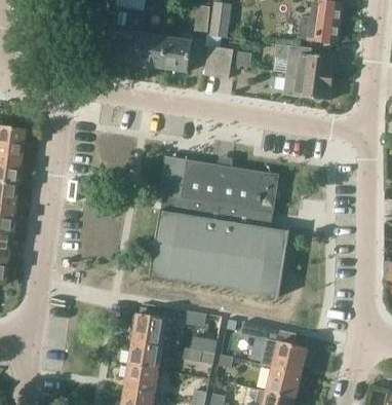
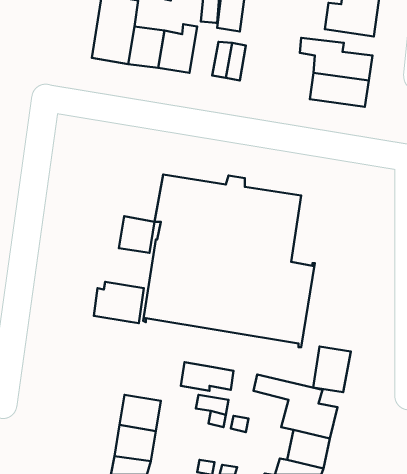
building: none -> [119,216,155,253]
building: none -> [313,346,351,392]
building: [132,309,173,343] -> [94,282,144,323]

